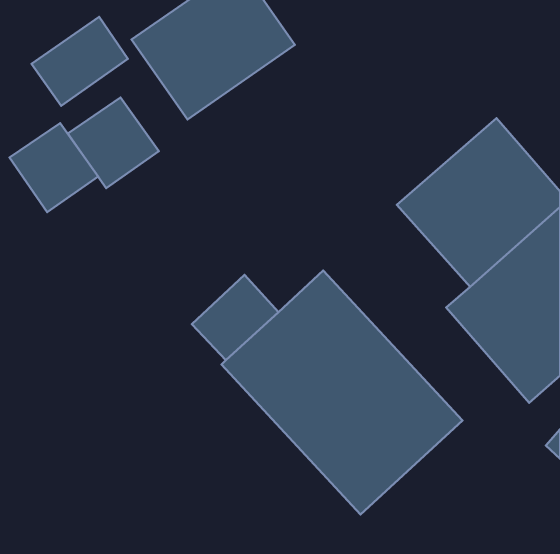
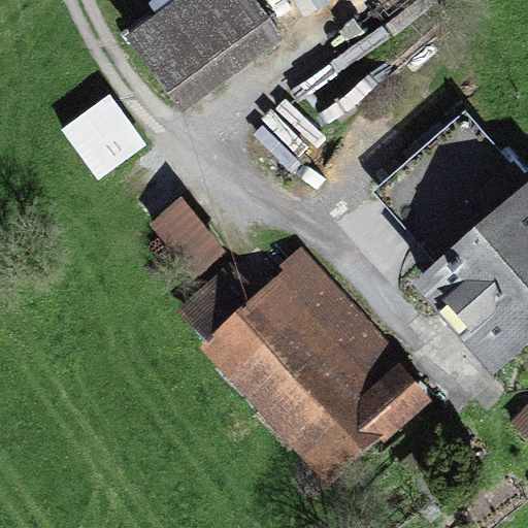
building: [32,17,128,106] -> none
building: [10,123,98,212] -> none
building: none -> [147,196,229,279]

